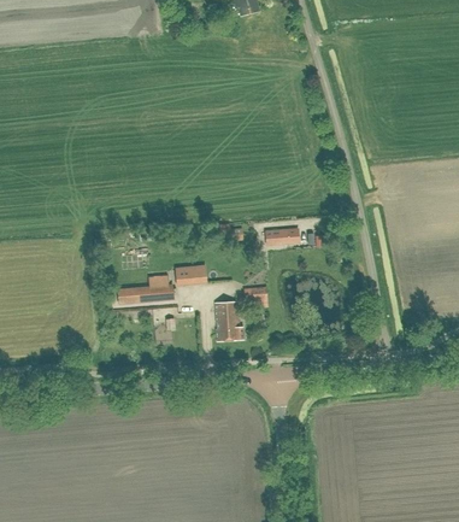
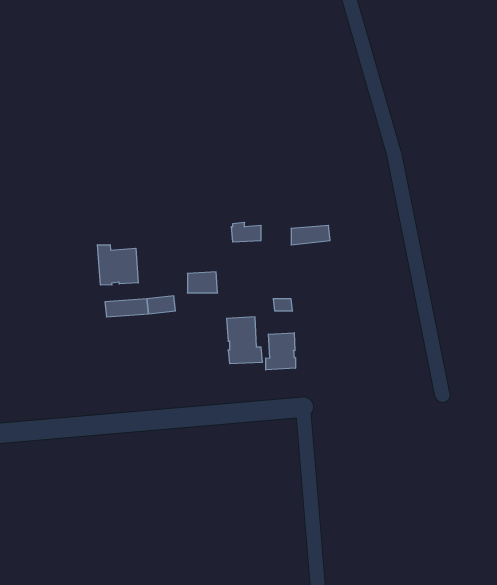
building: none -> [97,245,138,285]
building: none -> [266,333,296,370]

